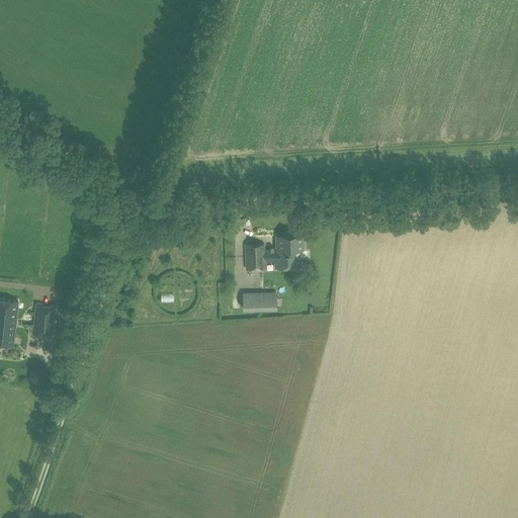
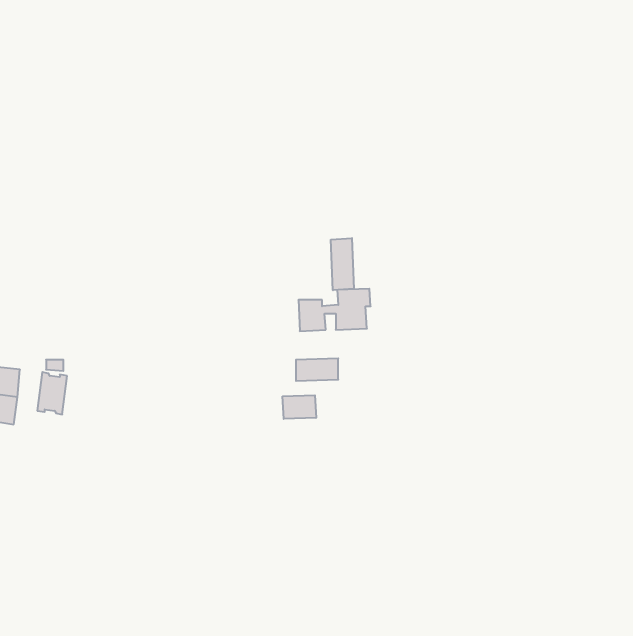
building: none -> [331,238,354,290]
building: none -> [283,395,316,419]

